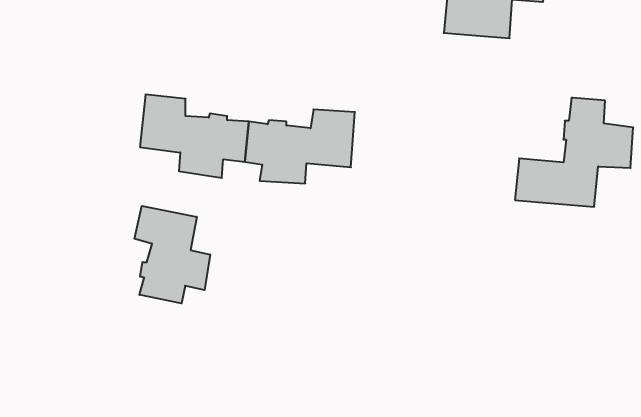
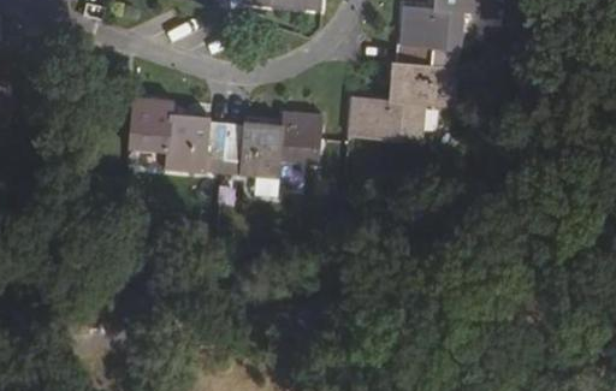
building: [515,98,633,207] -> [349,43,455,141]
building: [134,206,210,303] -> none

